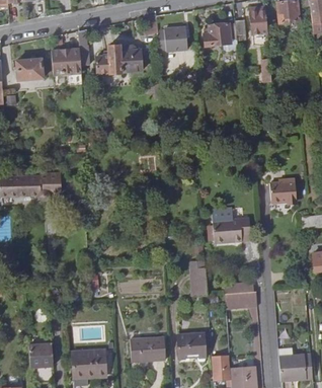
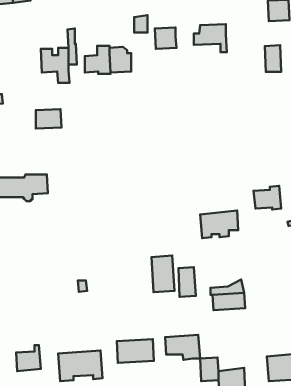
building: [252,7,268,33] -> [265,45,281,72]
building: [19,59,45,78] -> [36,109,62,129]
building: none -> [151,256,174,292]

